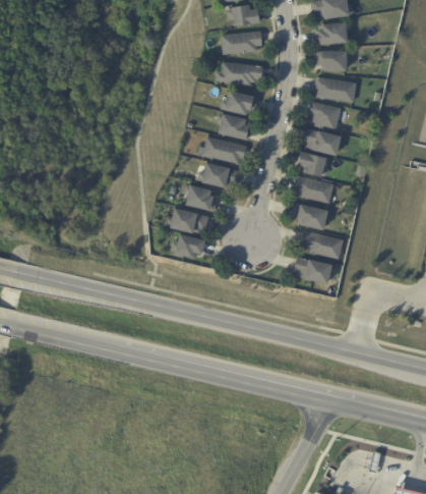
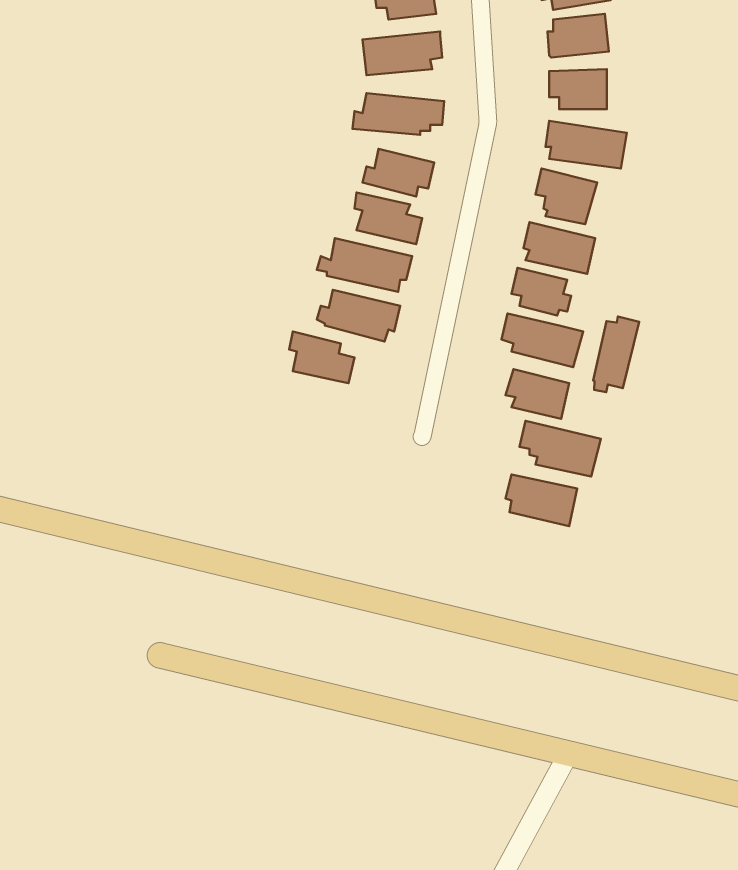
building: none -> [593,316,639,392]
building: [165,209,207,234] -> none
building: [170,235,203,259] -> none

